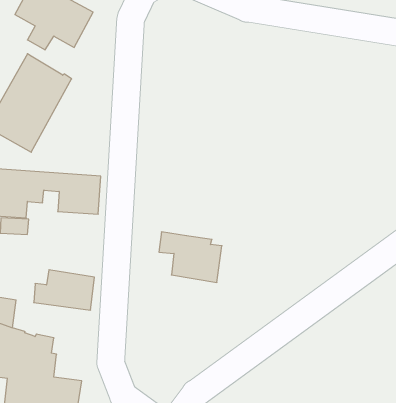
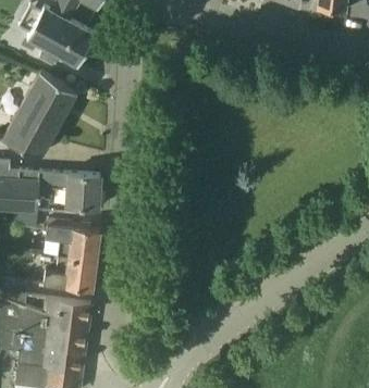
building: [159,232,222,282] -> [47,220,101,263]
building: none -> [37,298,91,352]

